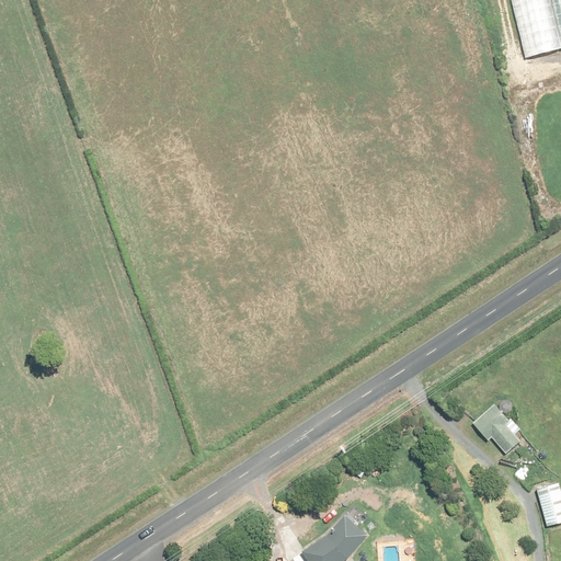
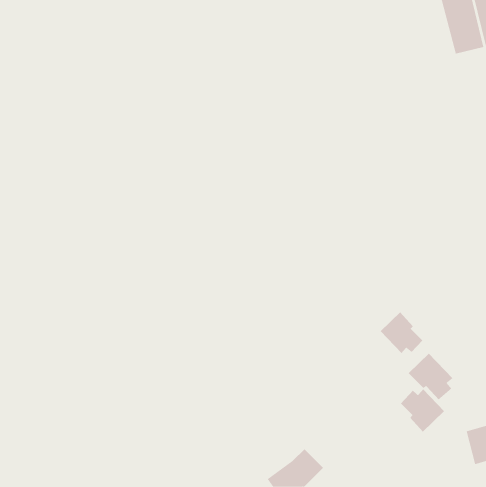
building: none -> [380,312,423,354]
building: none -> [400,389,445,432]

